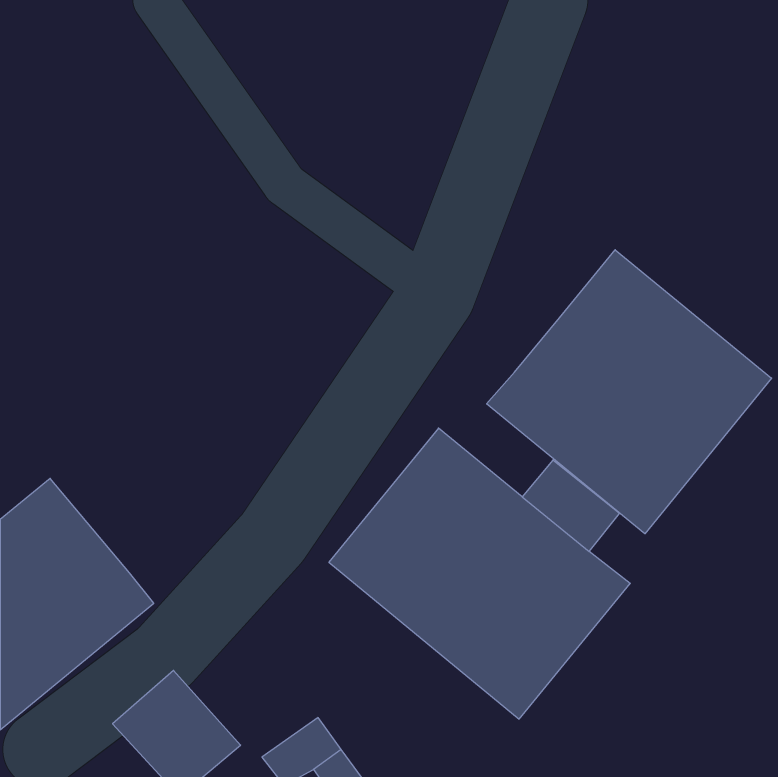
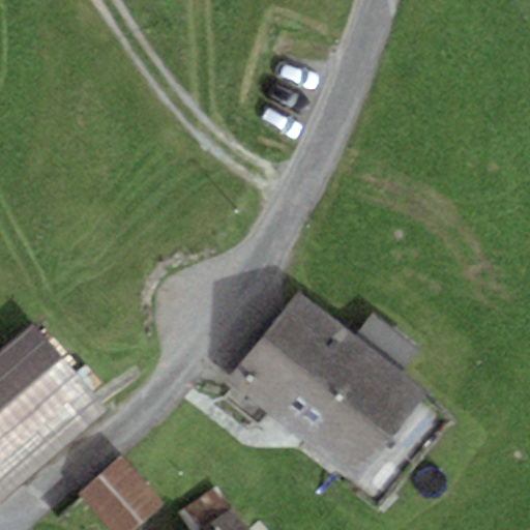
building: [487,250,772,534] -> none

